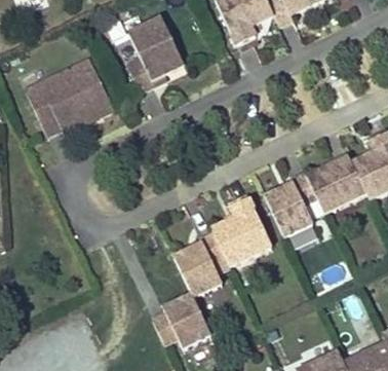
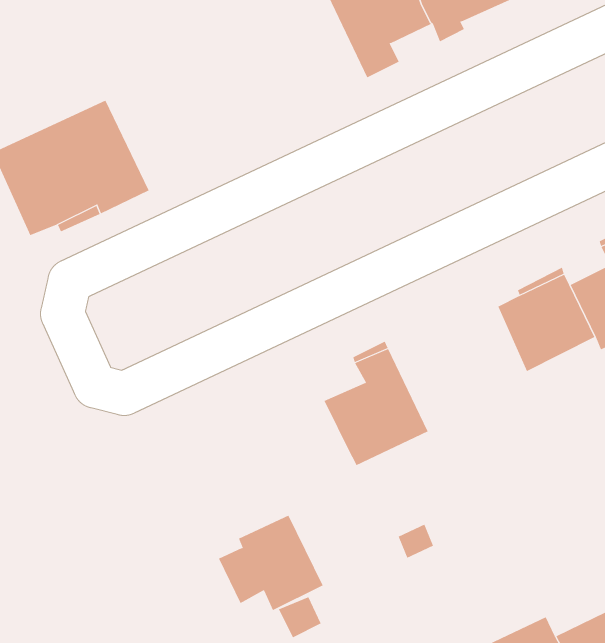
building: [125,17,183,91] -> none
building: [265,172,317,235] -> none
building: [176,232,226,293] -> none

